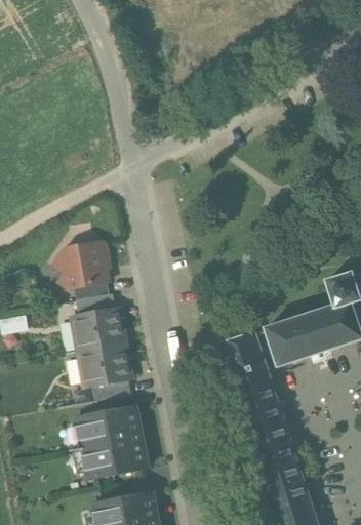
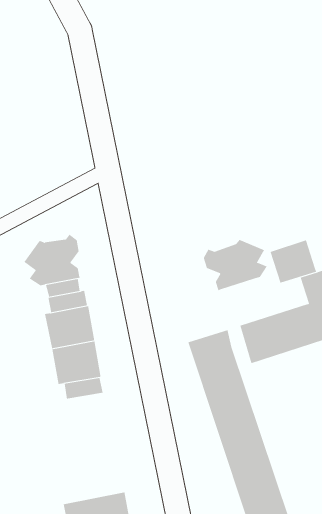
building: none -> [203,239,268,291]
building: none -> [270,239,317,284]
building: [75,405,148,479] -> none

